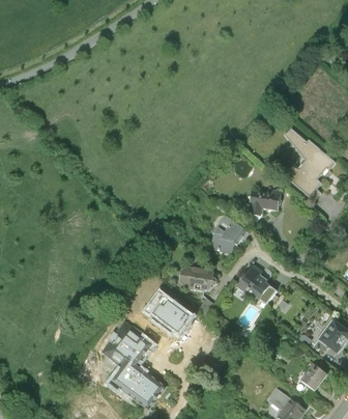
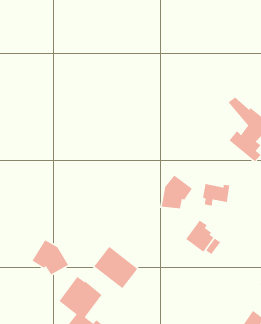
building: [251,189,282,215] -> [202,183,230,207]
building: [180,266,218,290] -> none
building: none -> [32,239,69,275]

